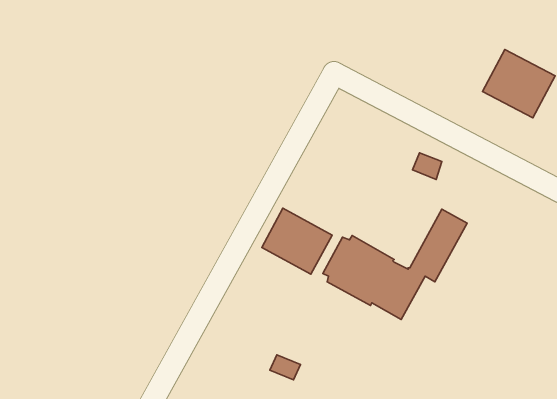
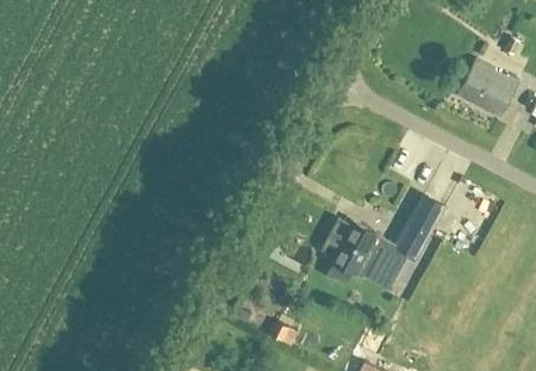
building: [262,208,332,274] -> none

